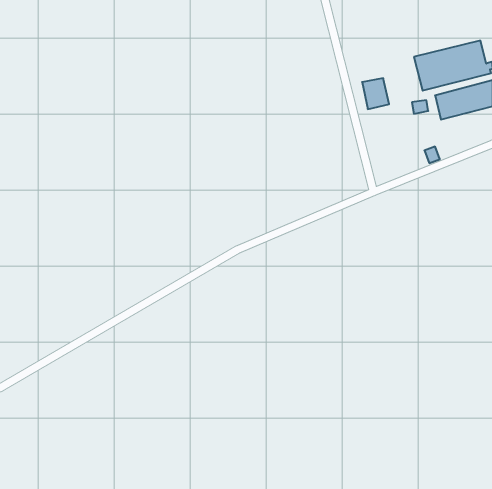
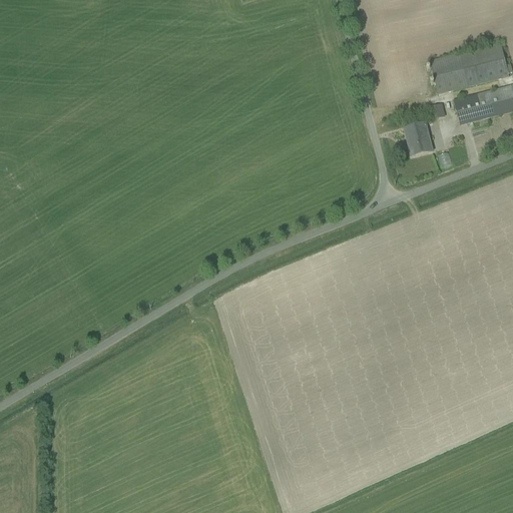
building: [362,78,389,109] -> [405,123,433,155]

